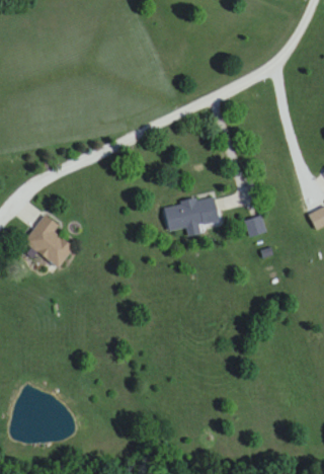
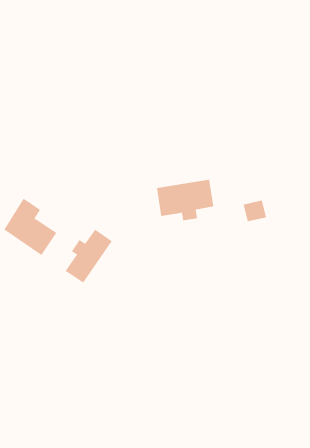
building: none -> [65,229,112,284]

